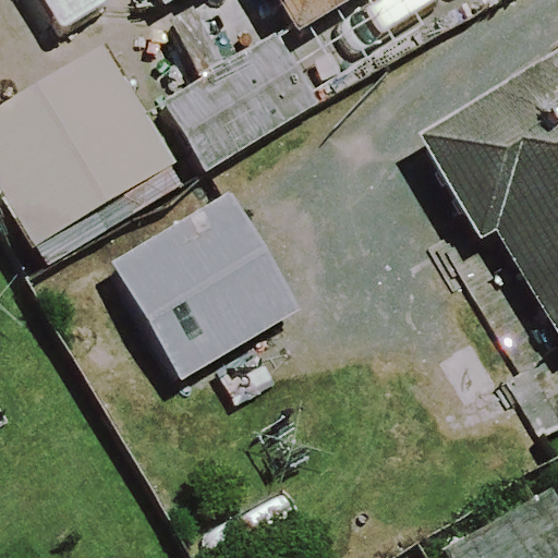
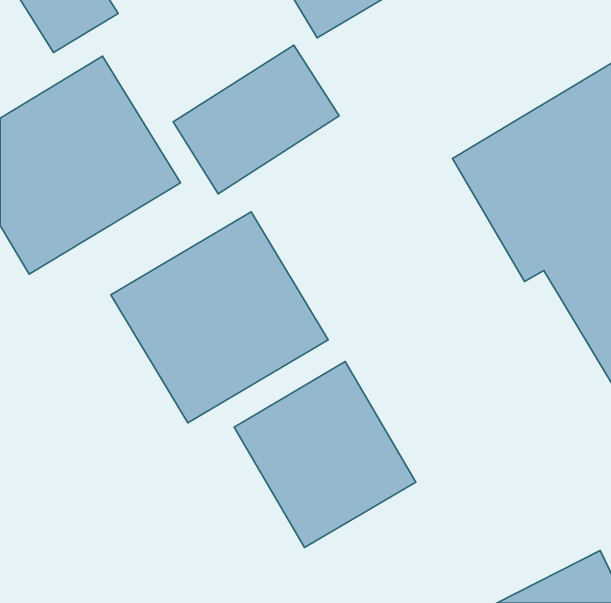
building: none -> [234,361,416,548]

